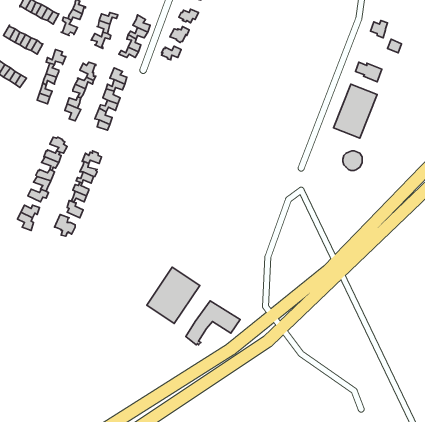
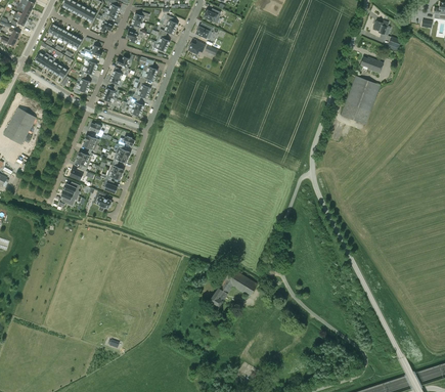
building: [147,267,200,324] -> none

